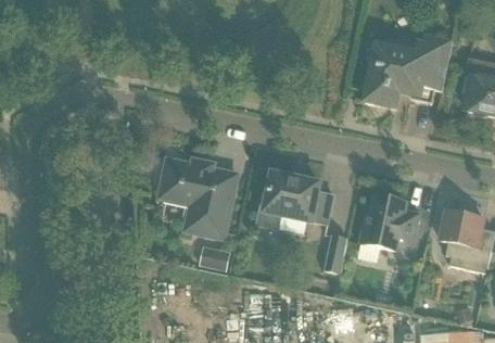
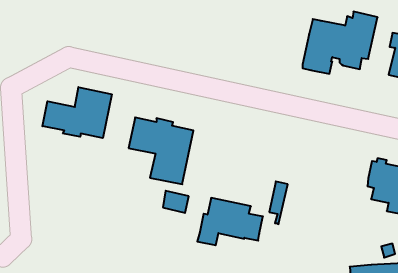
building: none -> [42,87,112,138]
building: [256,174,333,229] -> [197,198,263,245]
building: [359,194,419,251] -> none

